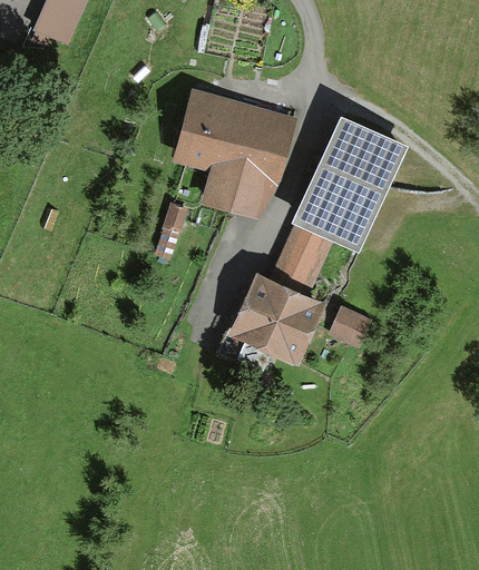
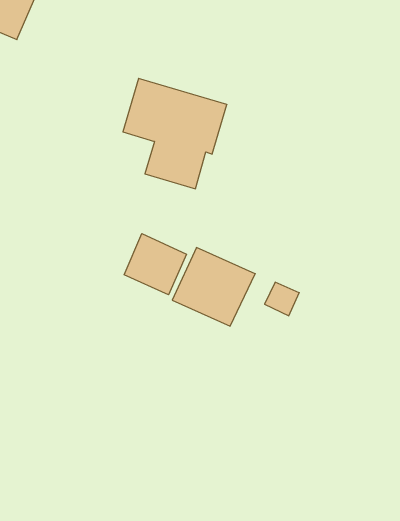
building: [274,117,401,283] -> none
building: none -> [124,234,187,295]

